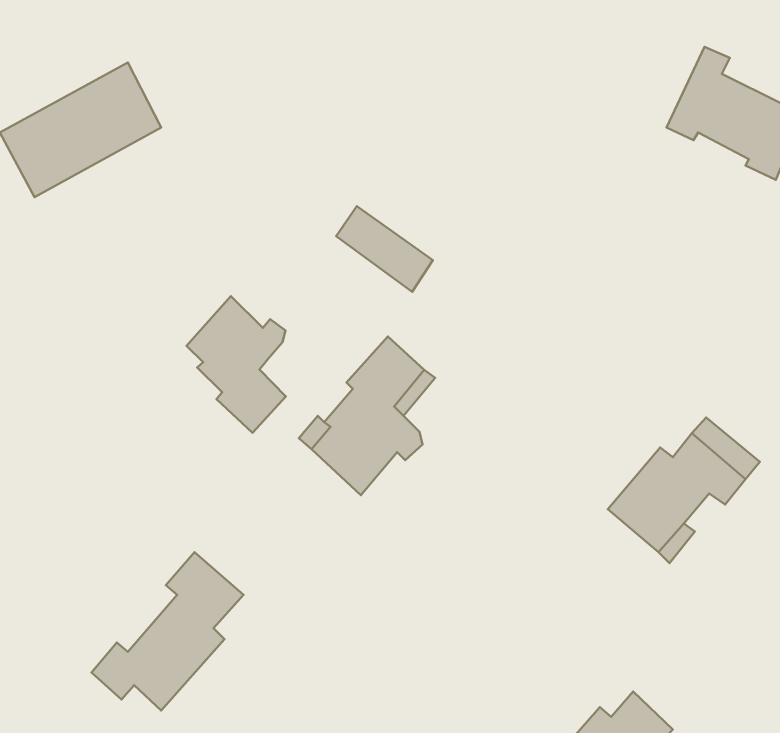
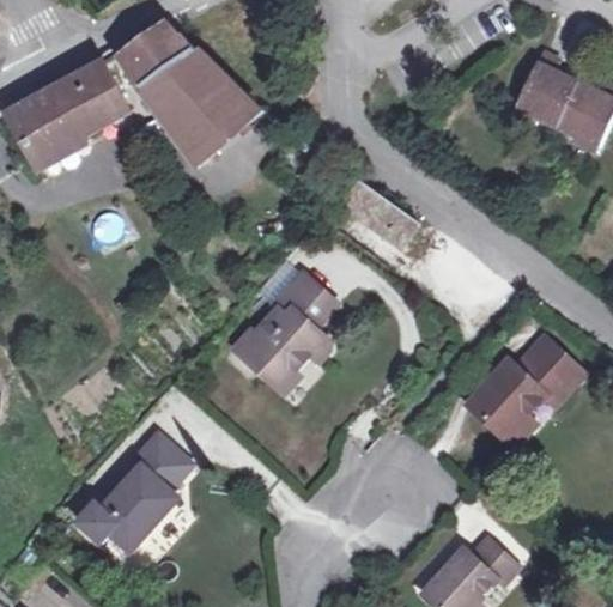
building: none -> [117,22,261,164]
building: [336,206,433,292] -> [344,181,417,245]
building: [186,296,286,433] -> none

